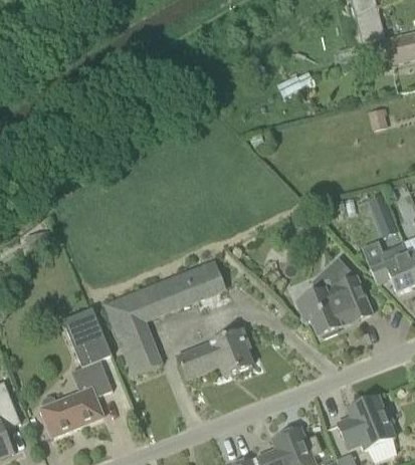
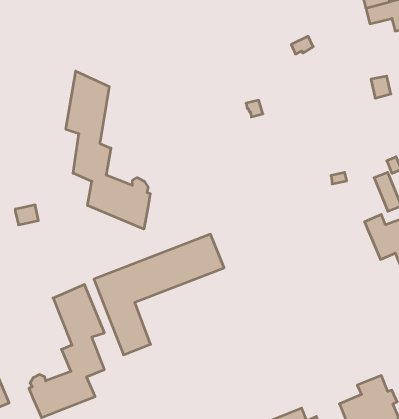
building: none -> [66,71,150,229]
building: [297,256,372,337] -> none
building: [177,328,252,379] -> none

